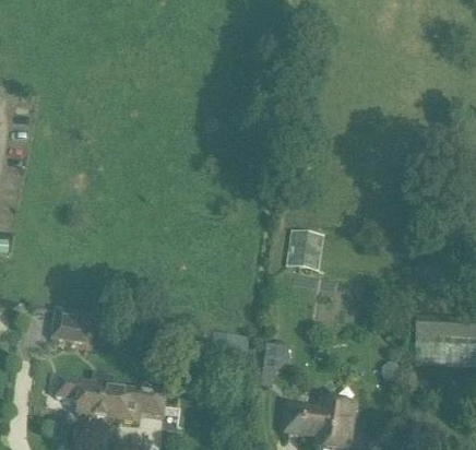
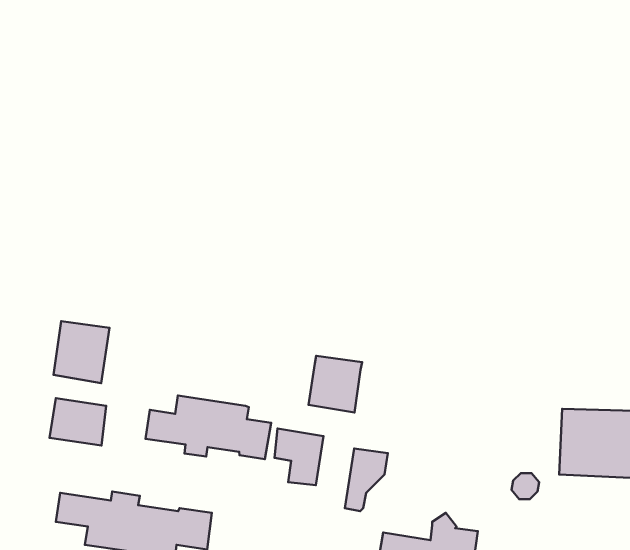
building: [286,228,324,269] -> [309,356,362,413]
building: none -> [53,321,109,383]
building: none -> [146,395,271,459]

